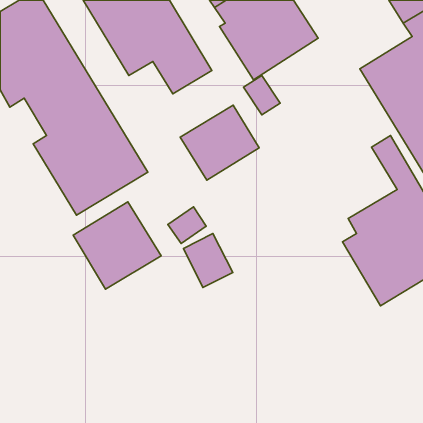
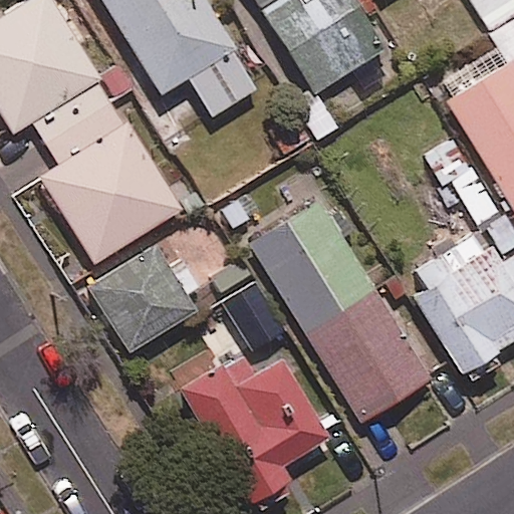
building: [180,105,259,180] -> none
building: none -> [251,201,432,423]
building: none -> [180,355,331,506]

